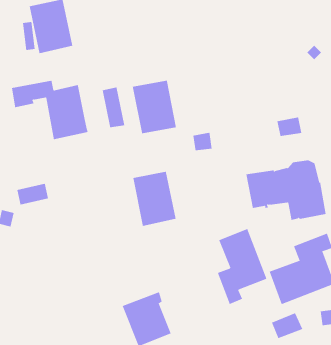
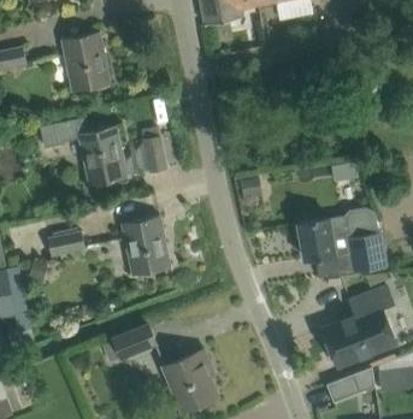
building: [132,80,177,134] -> none
building: [132,171,177,226] -> [122,216,170,276]
building: [217,228,267,305] -> none
building: none -> [104,325,160,365]

